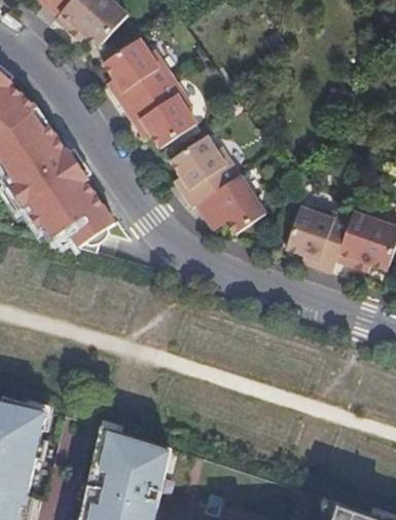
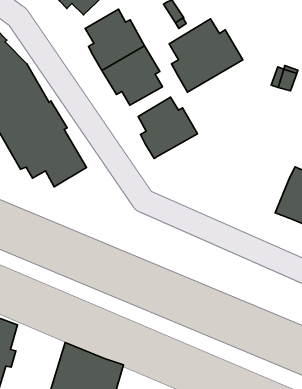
building: none -> [169,19,243,92]
building: [195,176,272,235] -> none
building: [285,208,350,273] -> none

